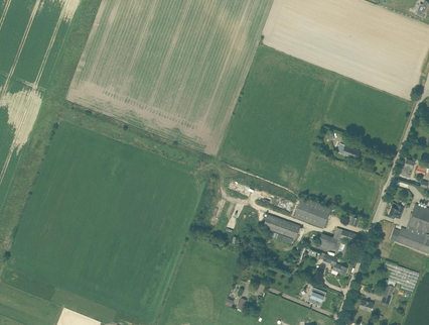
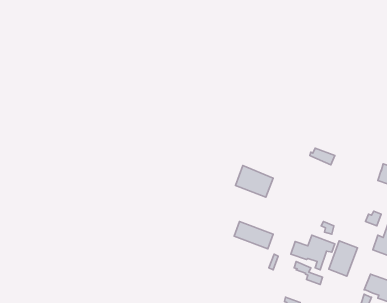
building: [294,198,330,228] -> [236,165,273,197]
building: none -> [329,241,357,276]

